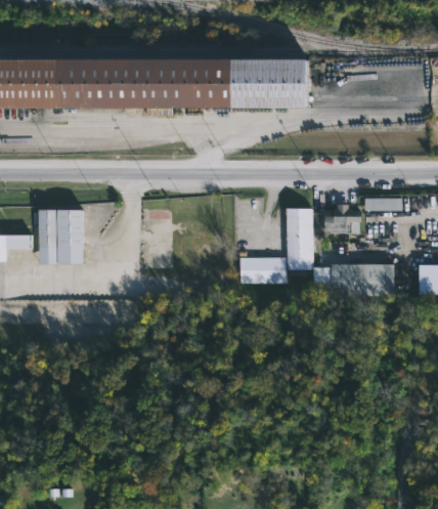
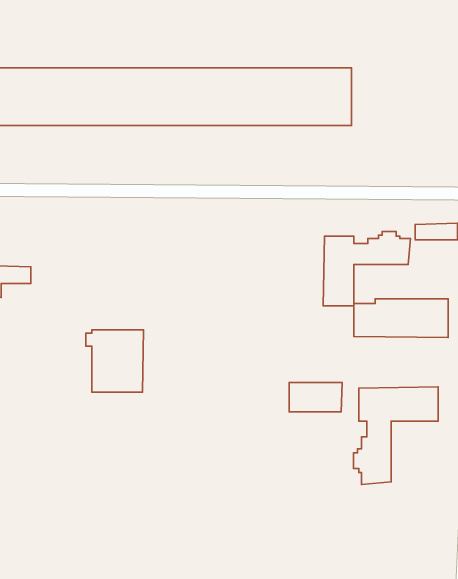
building: [34,208,84,262] -> [86,330,144,392]
building: [238,256,284,282] -> [289,382,342,412]
building: none -> [354,387,438,484]

